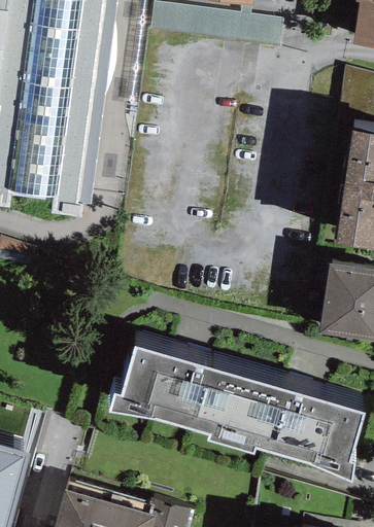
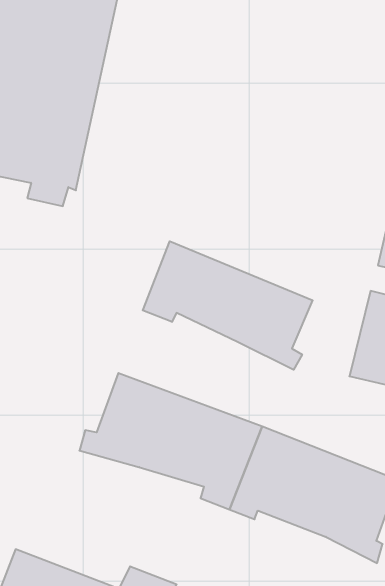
building: none -> [143,241,313,370]

